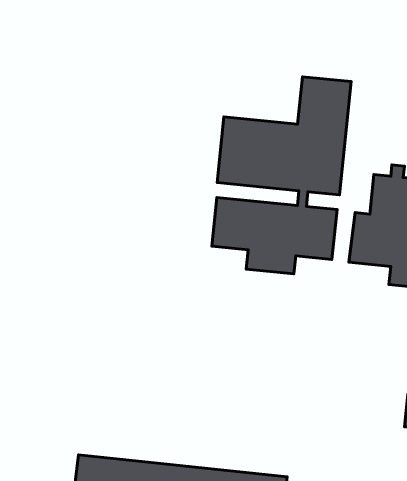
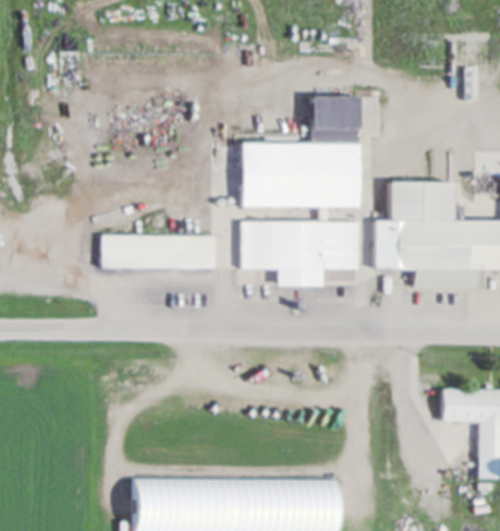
building: none -> [102,233,216,267]

